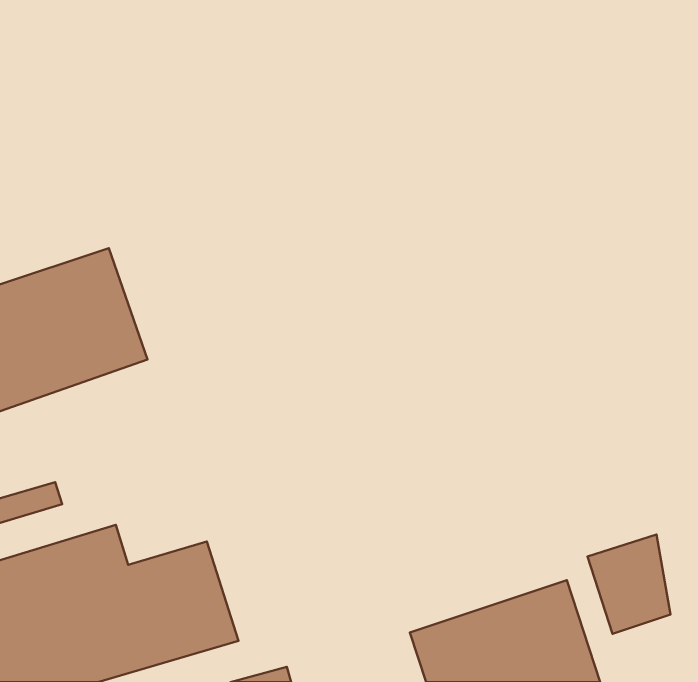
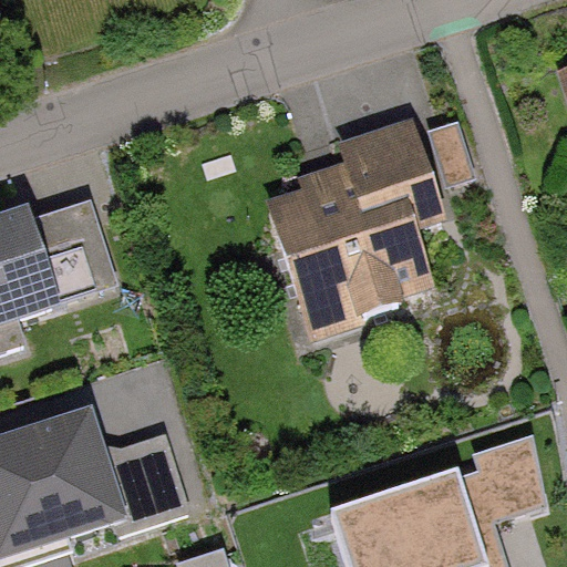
building: none -> [270,116,441,328]

